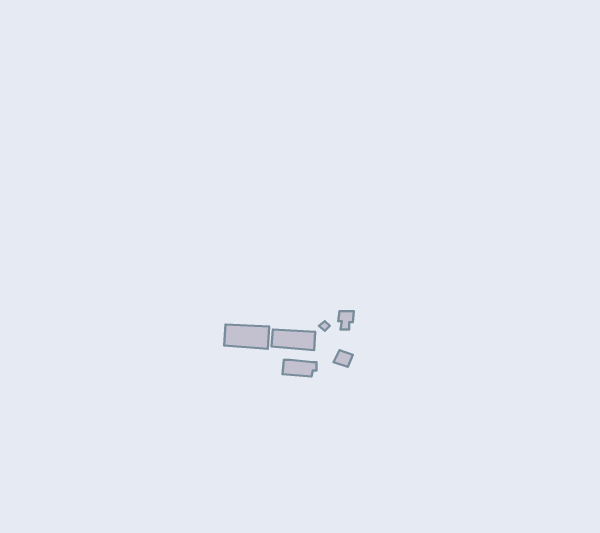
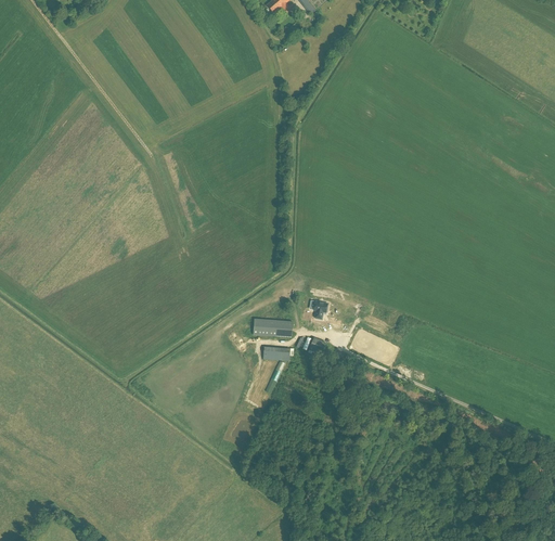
building: [224,325,269,349] -> none

